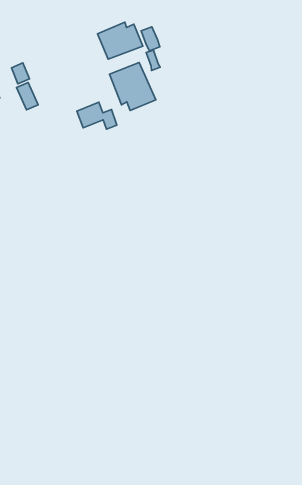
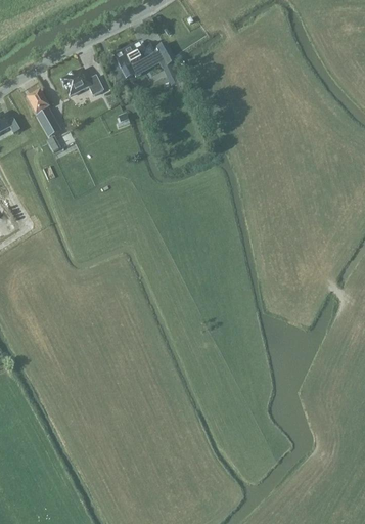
building: [109,63,156,110] -> none
building: [77,102,117,129] -> [60,69,102,96]

